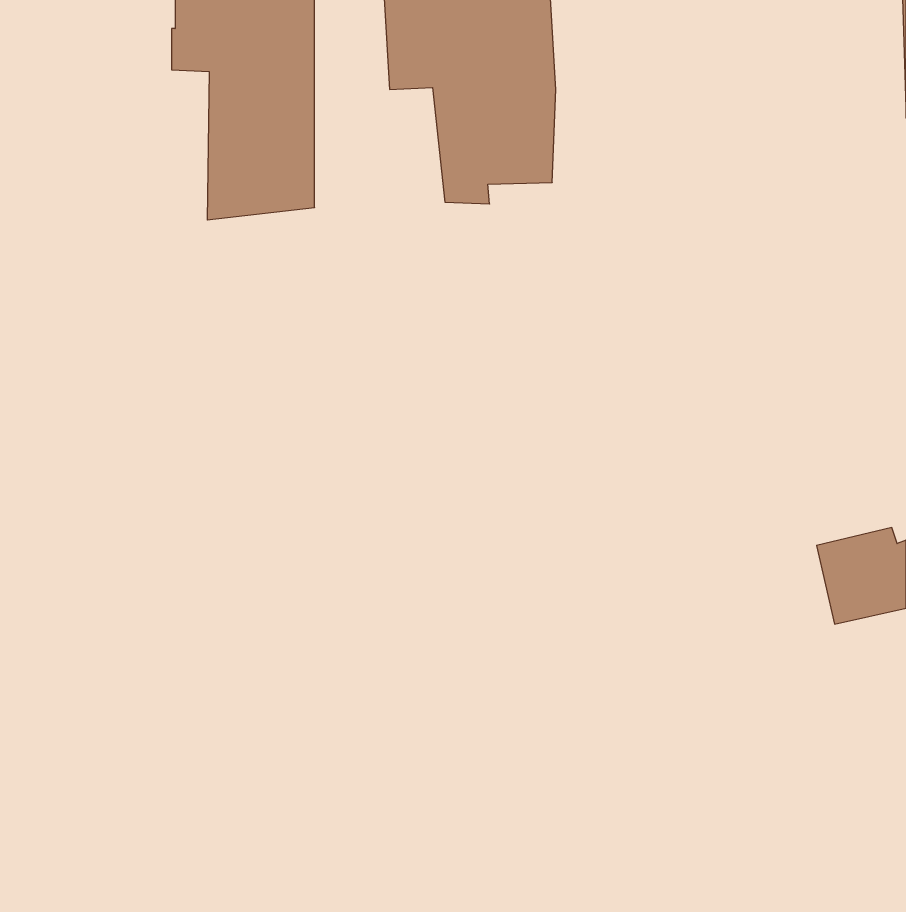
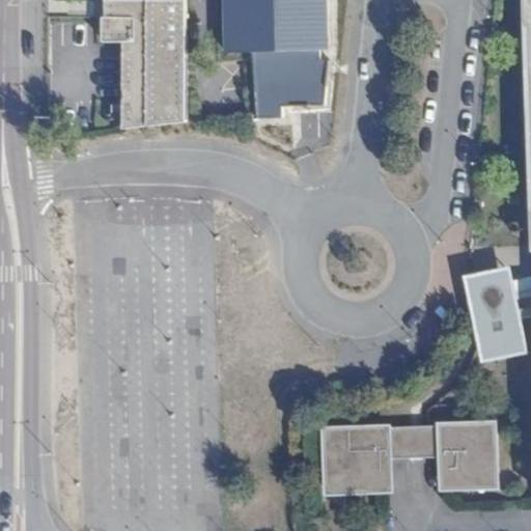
building: none -> [466,269,518,316]
building: none -> [322,423,495,494]

